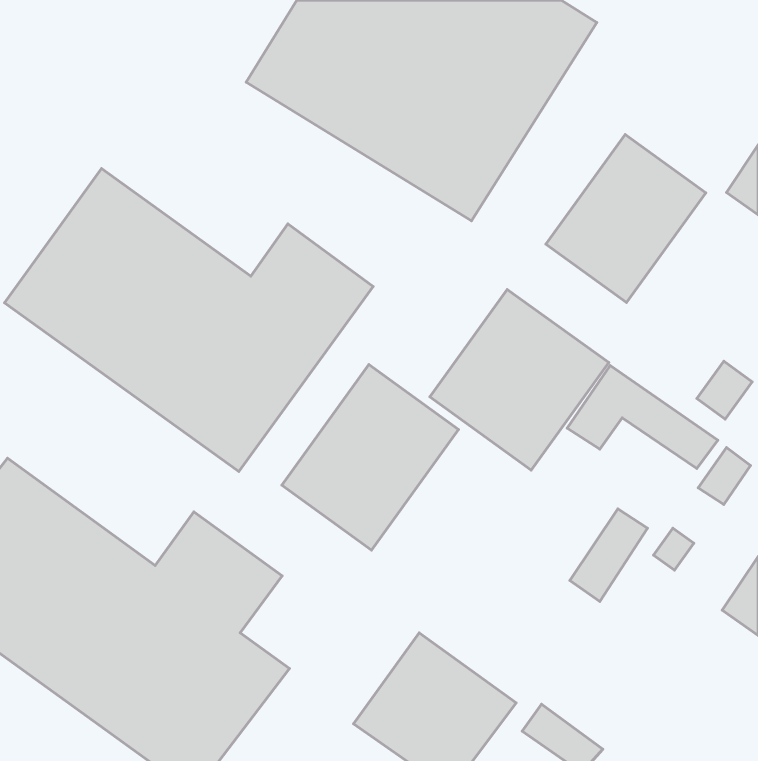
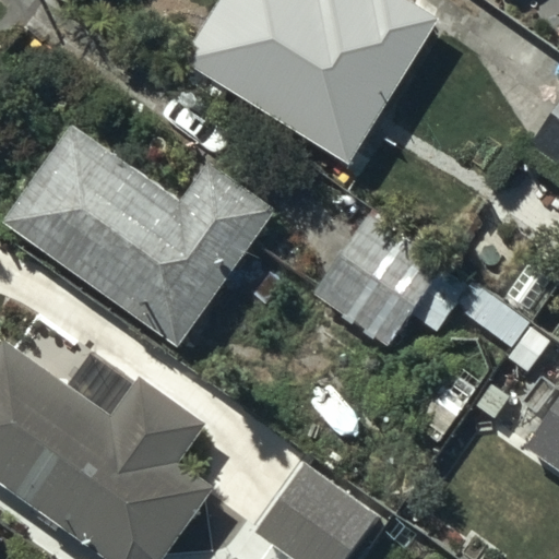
building: [546,135,706,303] -> none
building: [282,365,459,550] -> none

